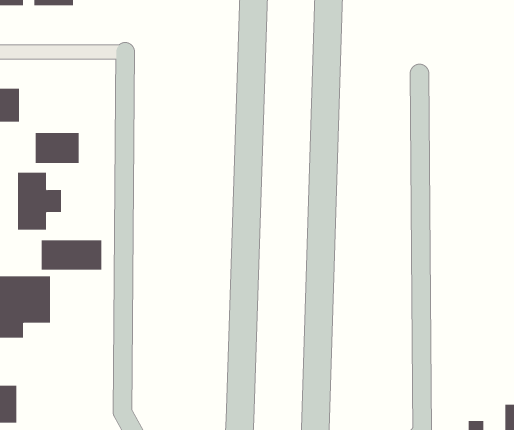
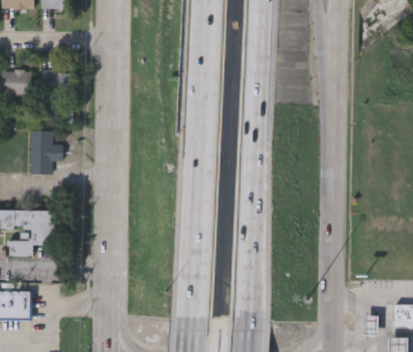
building: [35,132,79,163] -> [40,70,73,93]
building: [41,239,102,270] -> none

